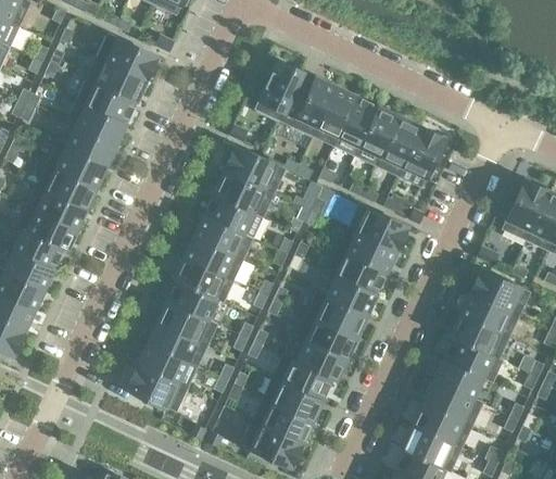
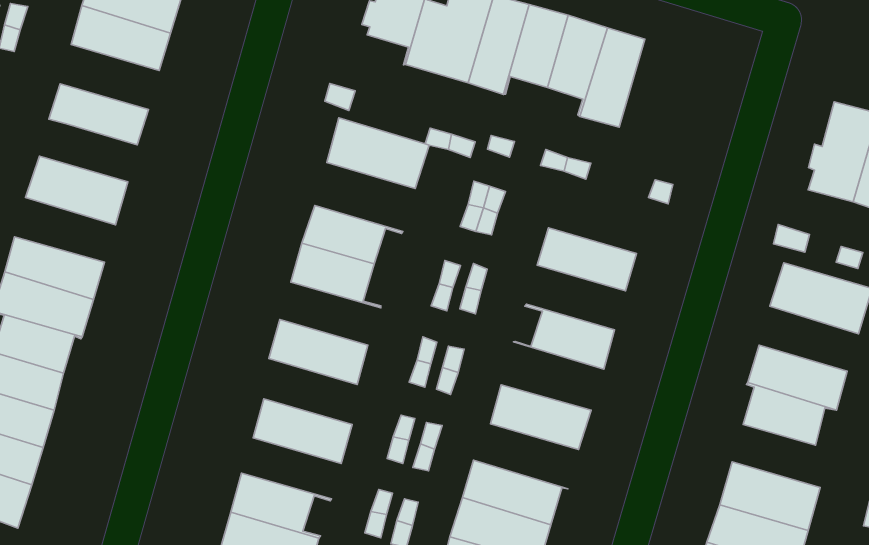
building: [78,79,137,124] -> none
building: [60,125,117,164] -> none
building: [399,127,446,188] -> none
building: [38,164,98,209] -> none
building: [215,171,275,217] -> none
building: [349,207,409,251] -> none
building: [185,237,244,280] -> none
building: [329,249,388,293] -> none
building: [168,279,224,325] -> none
building: [307,291,368,338] -> none
building: [460,293,519,338] -> none
building: [149,324,207,366] -> none
building: [285,337,346,381] -> none
building: [434,360,484,403] -> none

